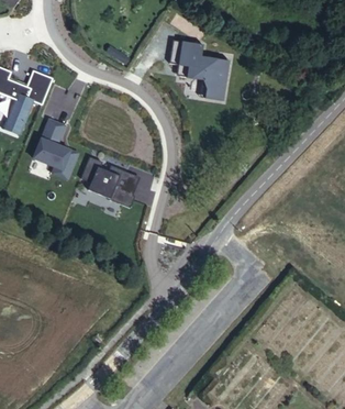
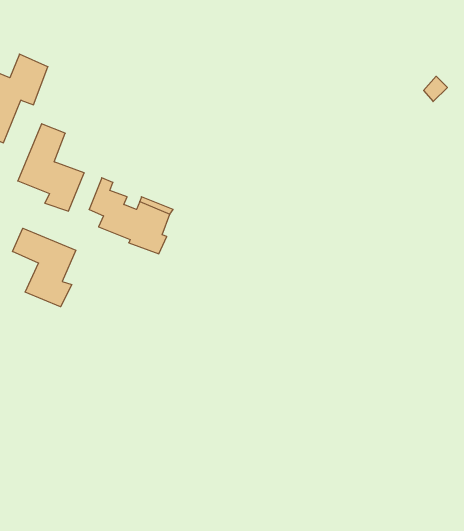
building: [169,38,229,90] -> none
building: none -> [13,228,76,307]

